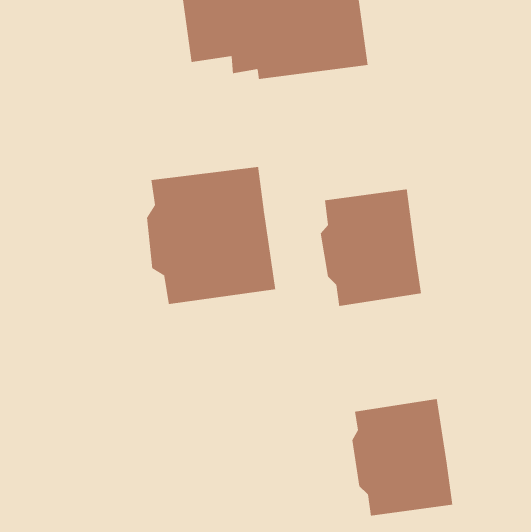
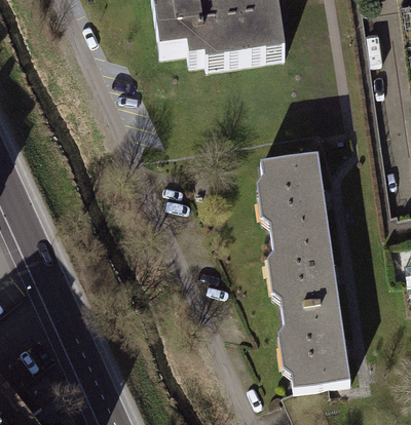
building: [147,166,276,305] -> none
building: none -> [267,223,340,307]

